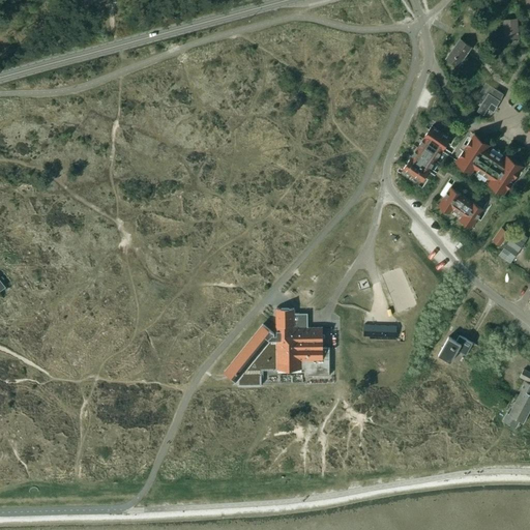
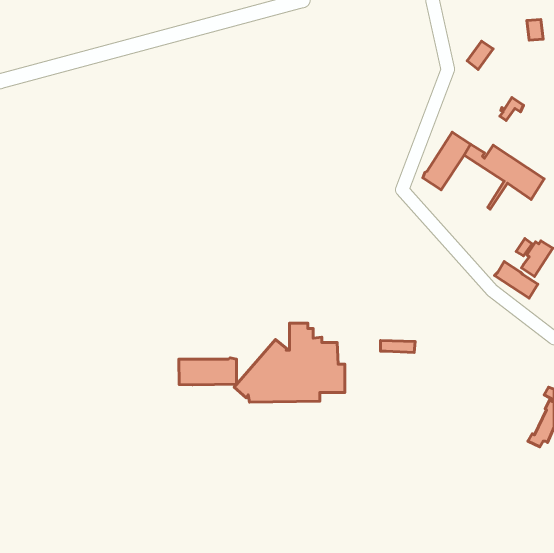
building: [441,188,482,224] -> [495,261,538,298]
building: [438,336,473,363] -> none
building: none -> [179,358,237,385]

